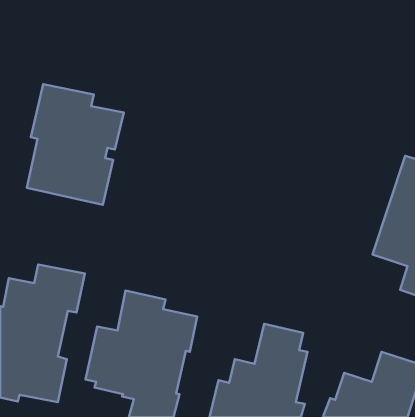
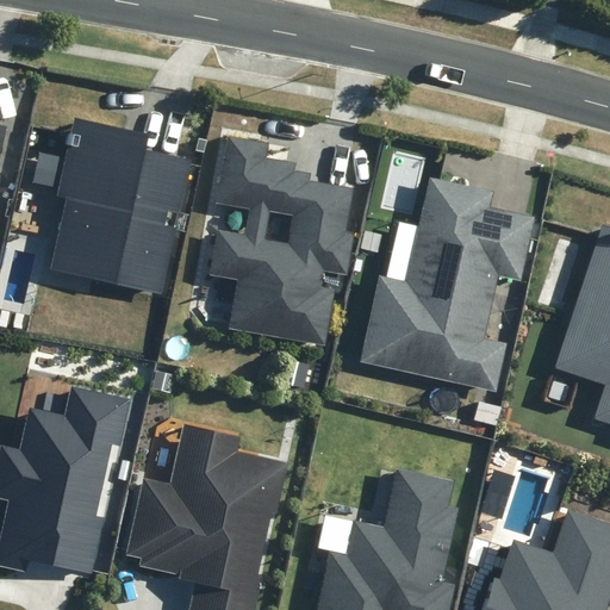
building: none -> [213,136,357,346]
building: none -> [363,175,539,391]

